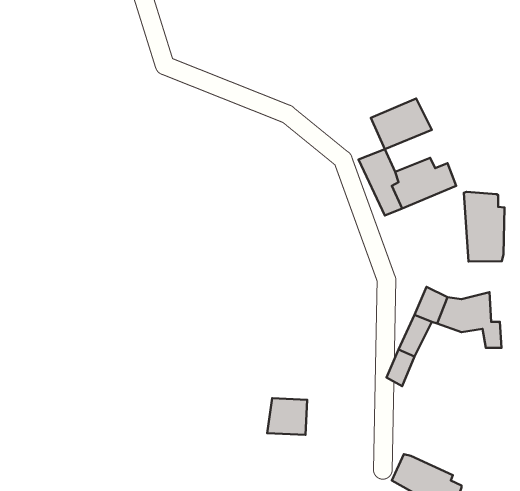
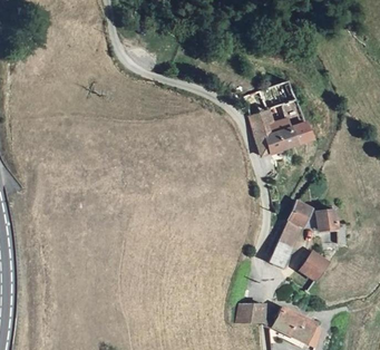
building: [464,192,505,261] -> none
building: none -> [300,251,328,279]
building: [267,398,307,435] -> [242,301,267,324]

